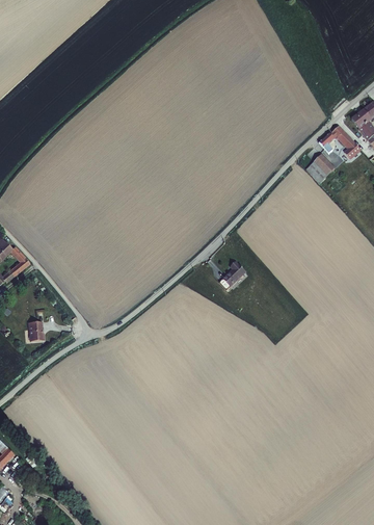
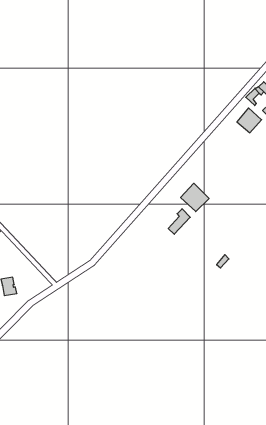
building: none -> [181,183,209,212]

